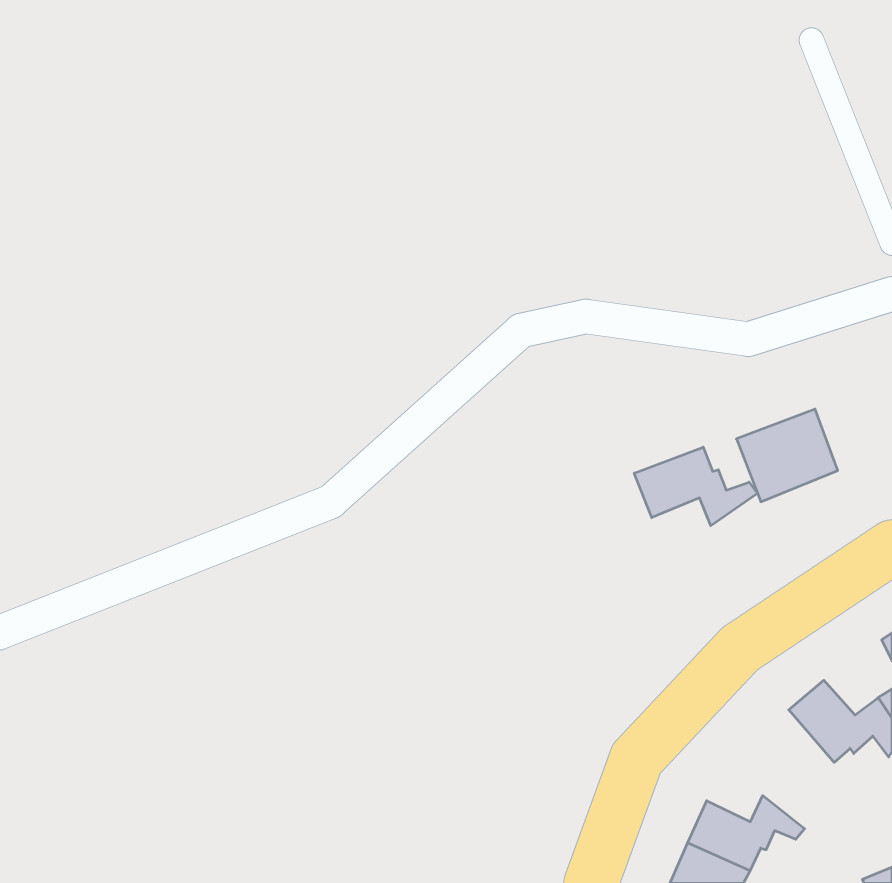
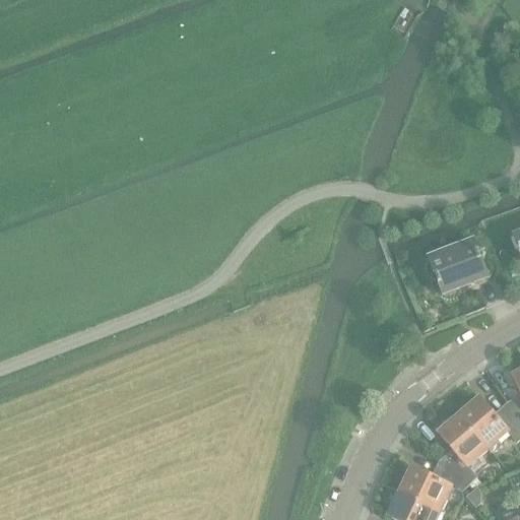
building: [634,447,758,526] -> none
building: none -> [437,412,484,481]

